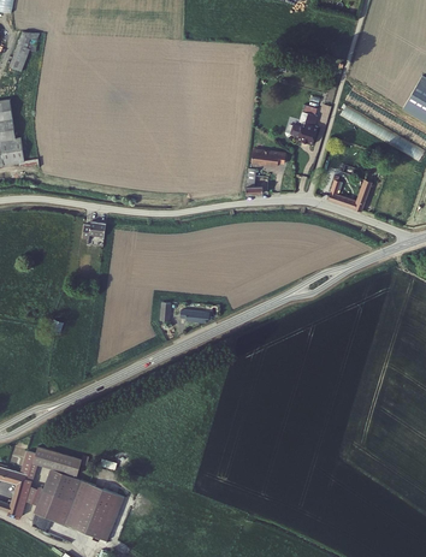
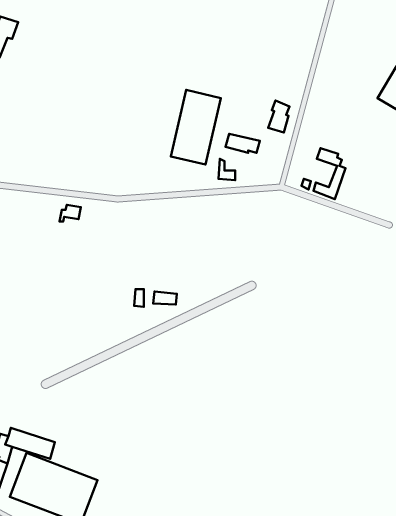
building: none -> [171,90,221,165]

